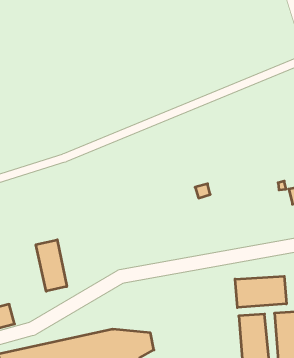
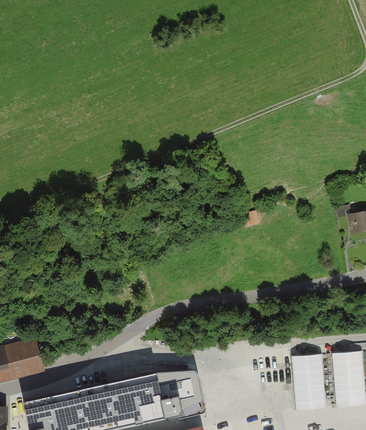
building: [36,240,67,291] -> none
building: [235,276,286,308] -> none

